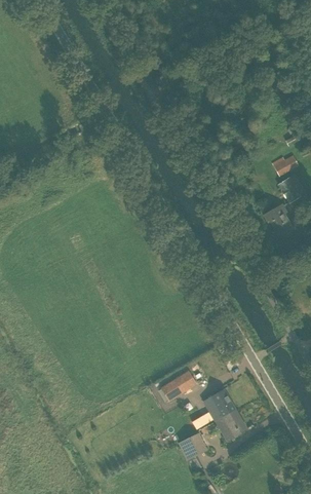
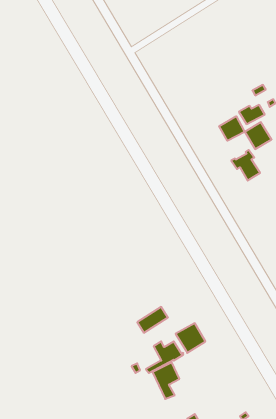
building: none -> [219,116,245,141]
building: [216,409,247,441] -> none

